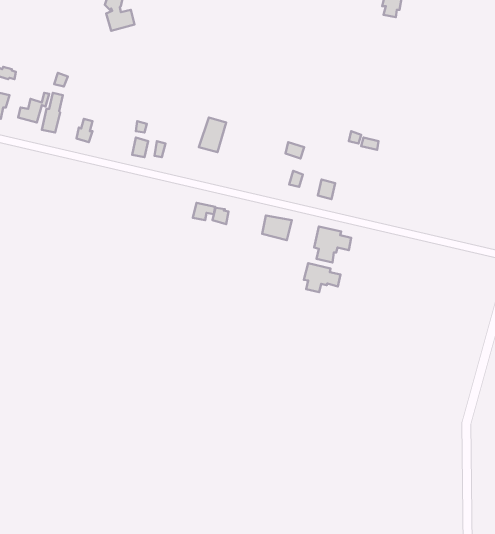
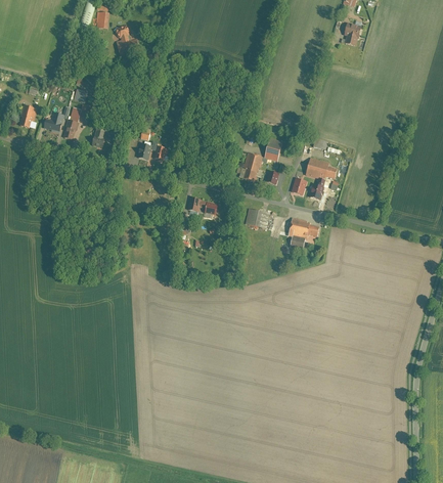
building: [199,118,226,152] -> [240,151,263,180]
building: none -> [306,157,337,200]
building: [304,263,341,292] -> none

